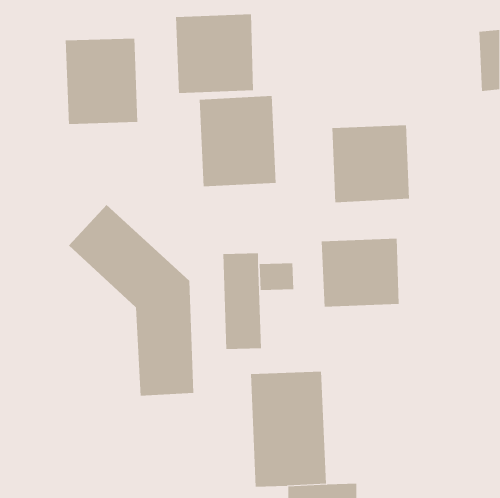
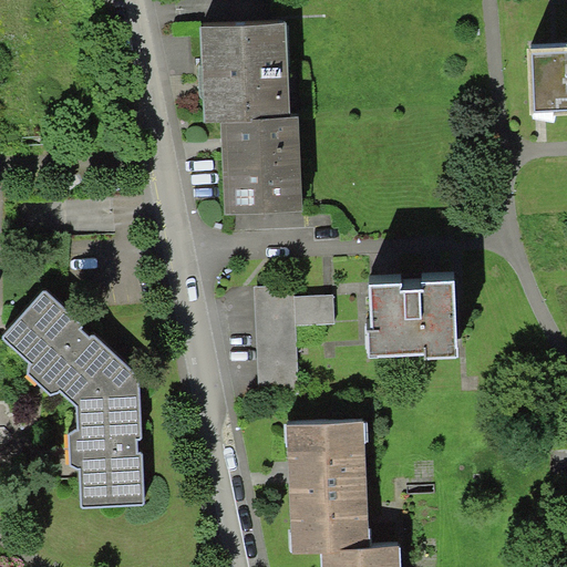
building: [65,38,138,125] -> none
building: [332,125,409,203] -> none
building: [68,204,194,396] -> [4,292,146,508]

